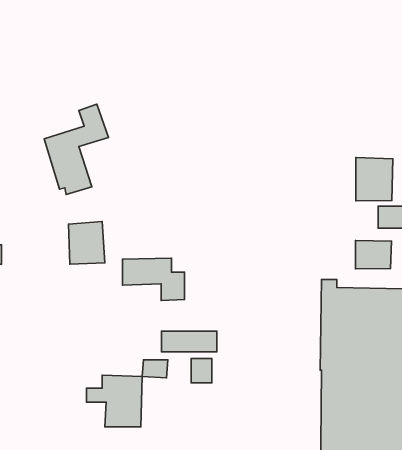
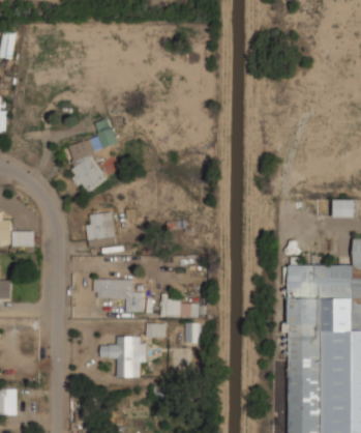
building: [356,157,393,201] -> none
building: [355,240,392,269] -> none
building: [123,258,185,301] -> [94,279,144,313]

